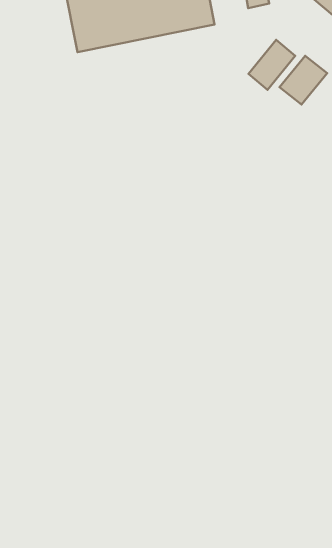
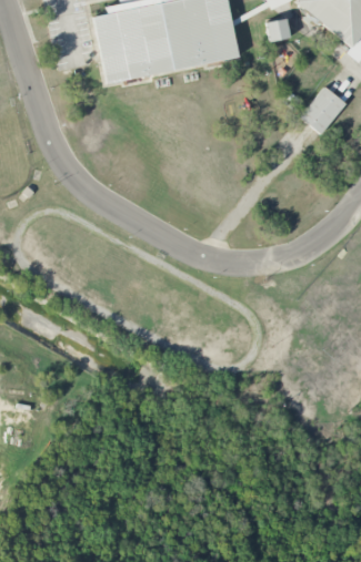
building: [249,40,295,90] -> none

